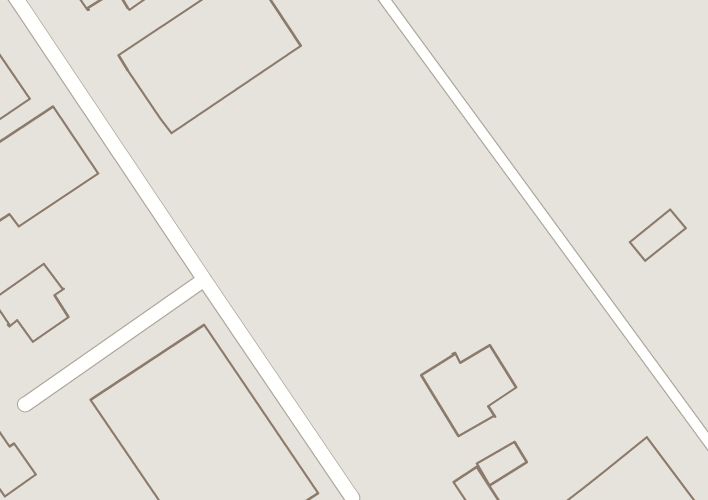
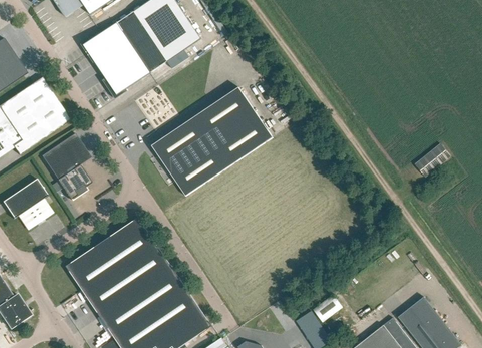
building: none -> [151,87,272,196]
building: none -> [41,133,91,201]
building: [421,345,516,436] -> none

